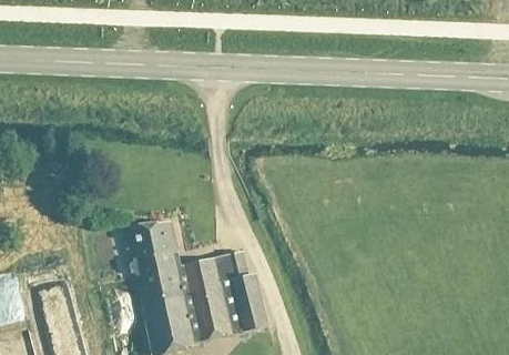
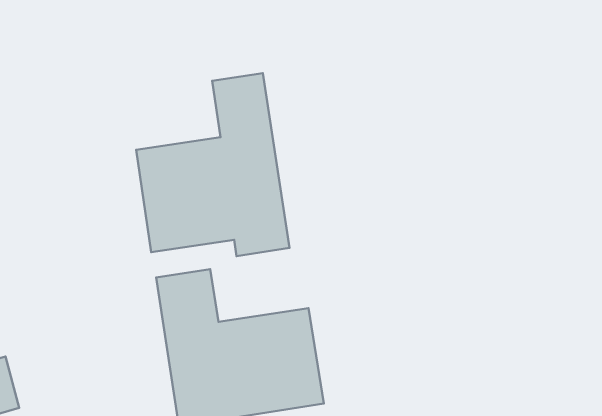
building: none -> [136,73,289,256]

